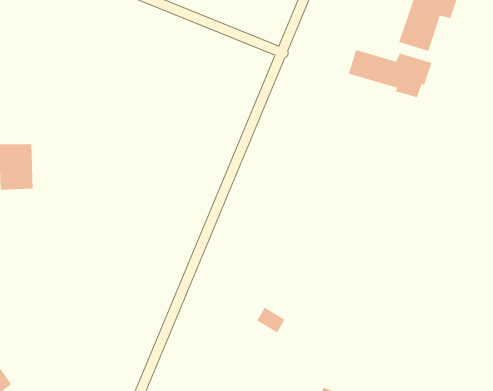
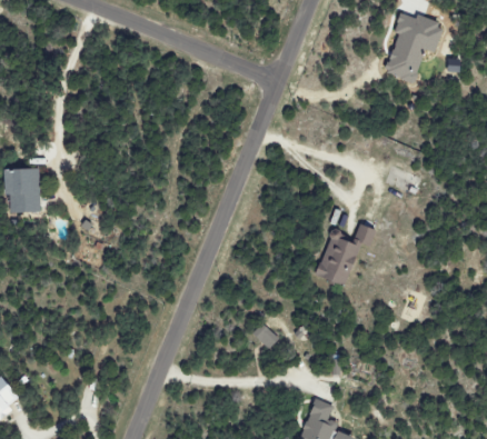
building: [348,49,433,98] -> none
building: none -> [315,223,377,286]

